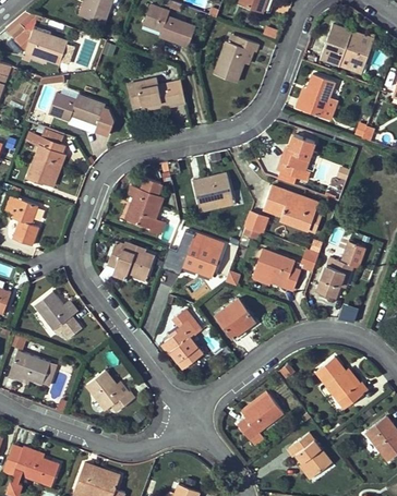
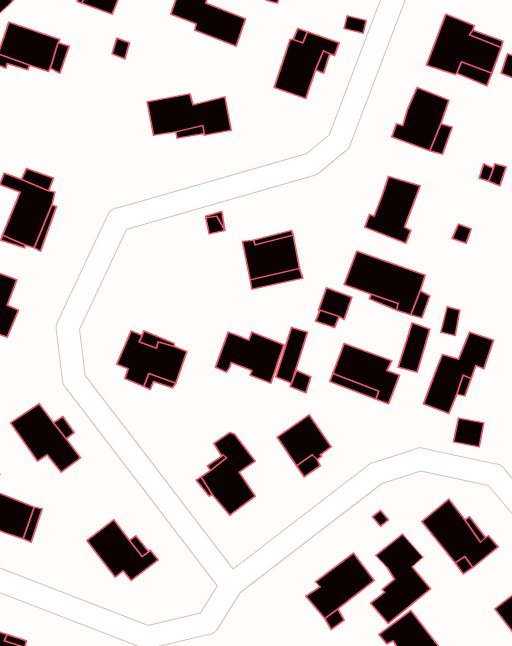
building: [48,93,113,134] -> none
building: [124,178,164,234] -> none
building: none -> [371,534,430,623]

